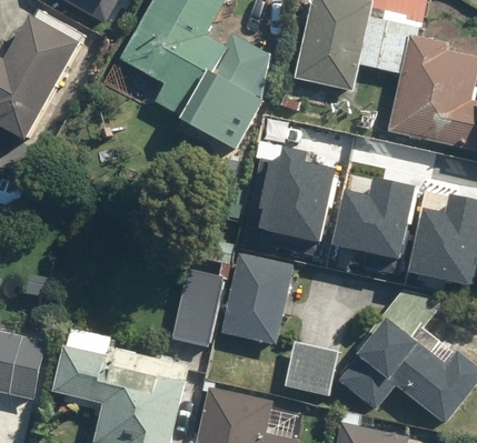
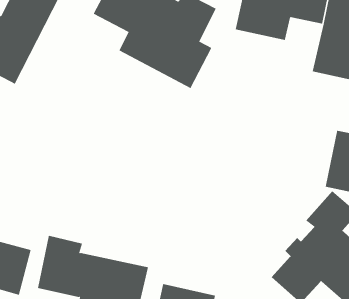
building: [238,144,334,250] -> none
building: [328,172,414,271] -> none
building: [219,250,297,345] -> none
building: [169,255,226,348] -> none
building: [284,342,338,395] -> none

